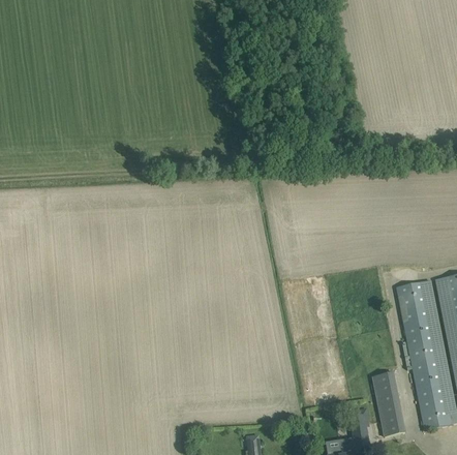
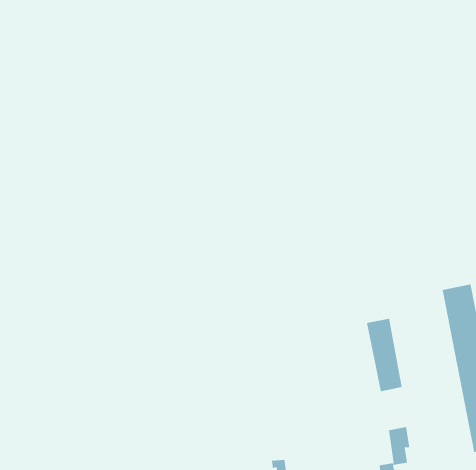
building: [371,370,403,435] -> [366,318,403,392]

